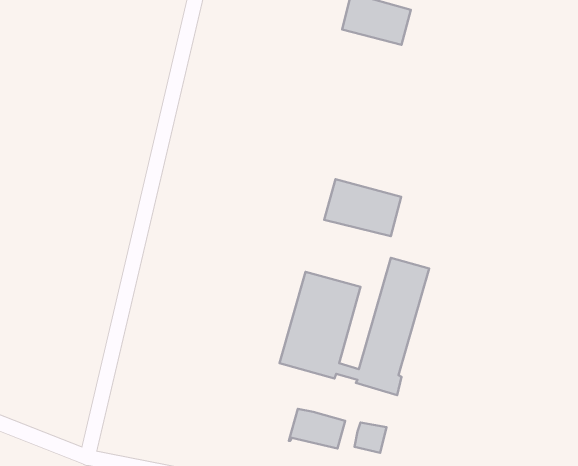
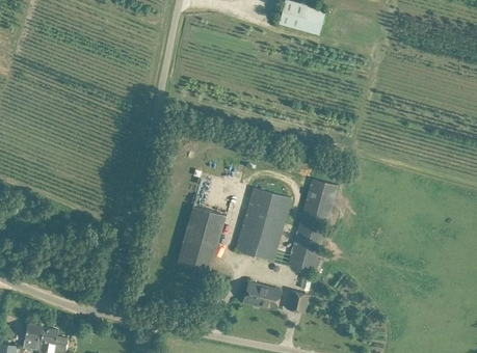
building: [324,179,401,236] -> none
building: none -> [177,206,226,272]

